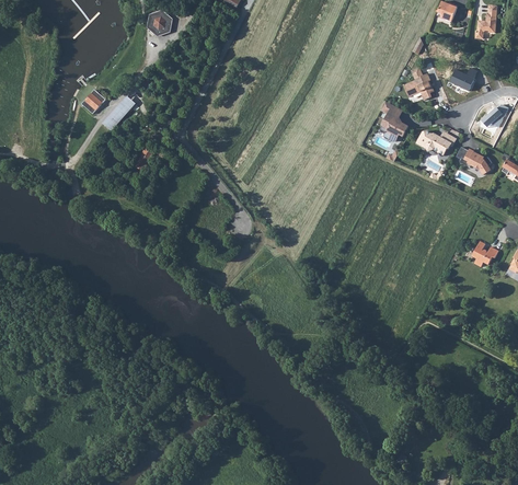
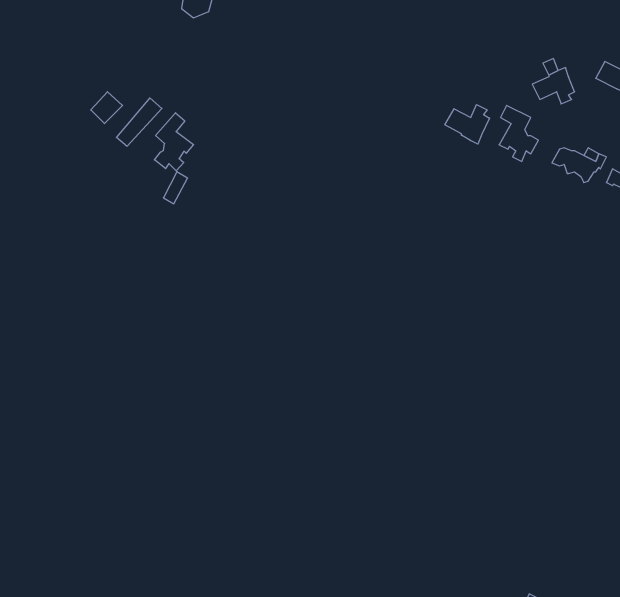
building: none -> [445,105,490,144]
building: none -> [154,113,194,171]

